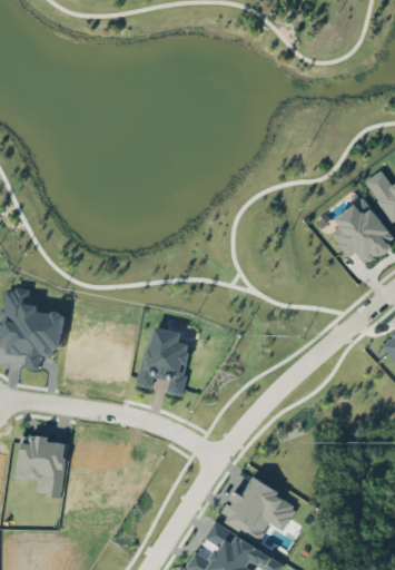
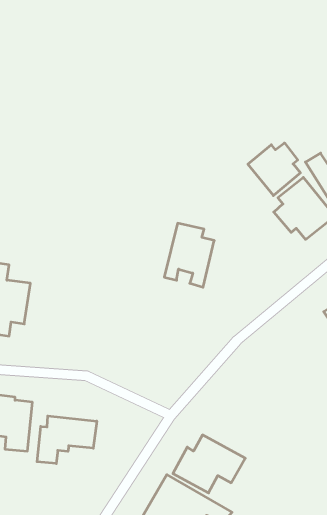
building: none -> [248,143,300,196]
building: [138,326,192,396] -> [164,223,214,287]
building: none -> [37,416,97,464]

